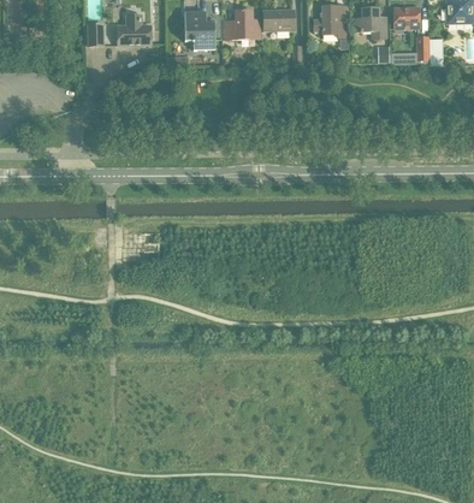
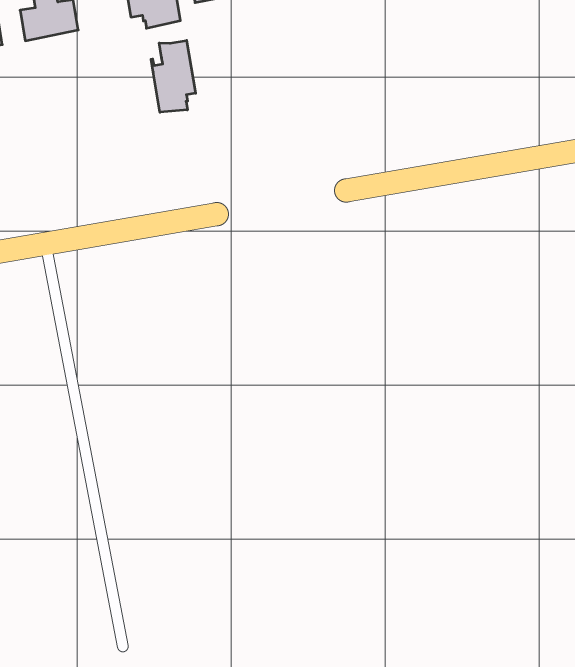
building: none -> [151,40,196,112]

